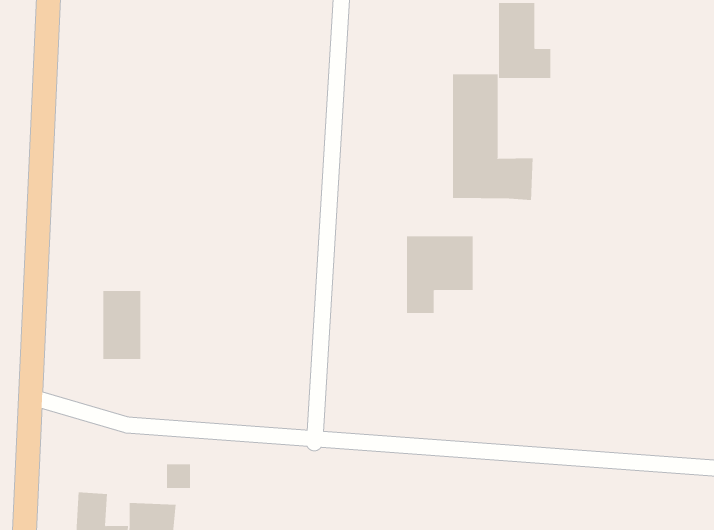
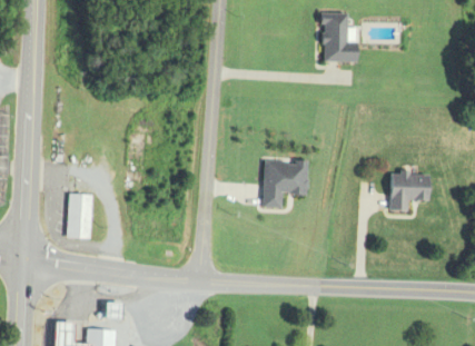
building: [452,73,533,201] -> none
building: none -> [389,174,428,212]

